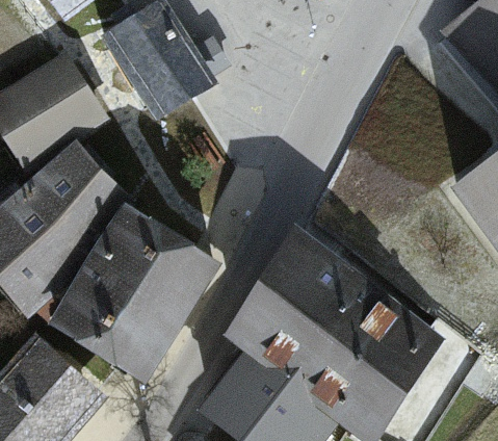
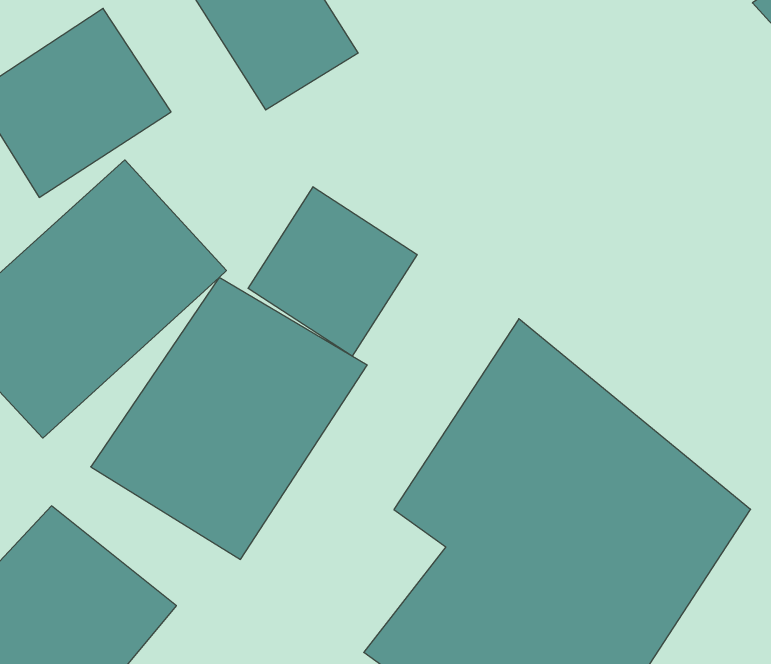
building: none -> [248,187,417,356]

